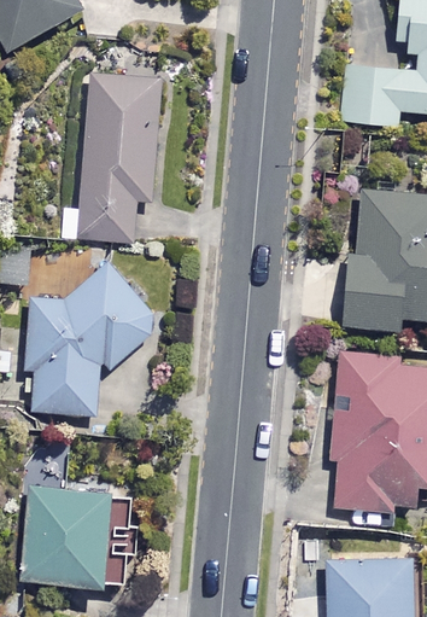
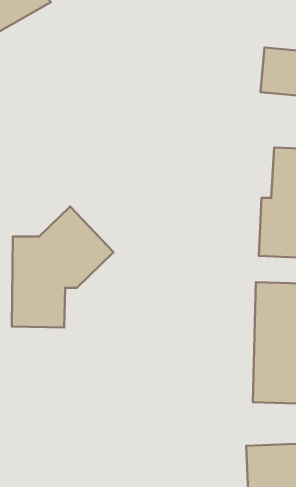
building: [65,75,162,243] -> none
building: [25,485,133,583] -> none

